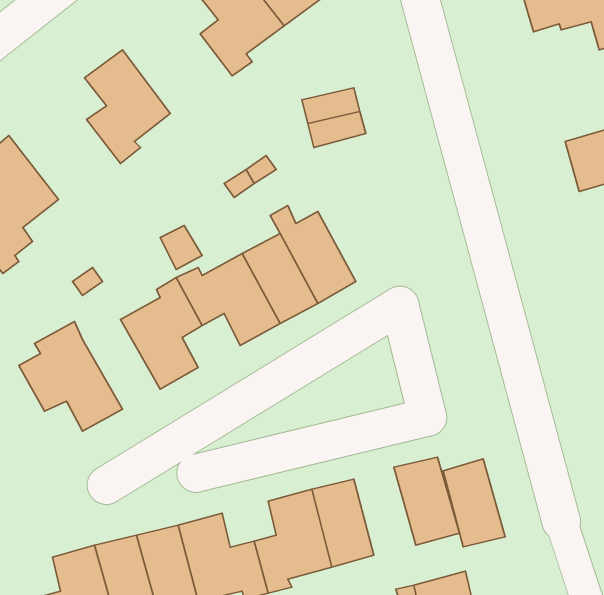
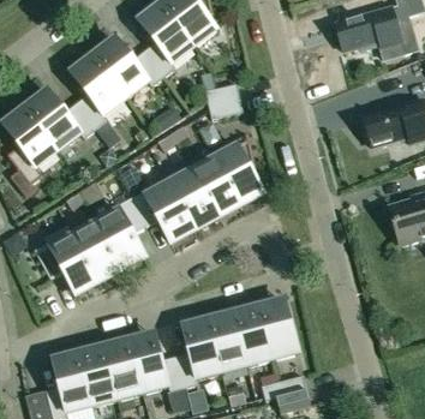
building: none -> [96,41,162,97]
building: none -> [28,94,95,149]
building: none -> [214,137,261,198]
building: none -> [72,221,119,275]
building: [443,459,505,547] -> [235,310,273,363]

